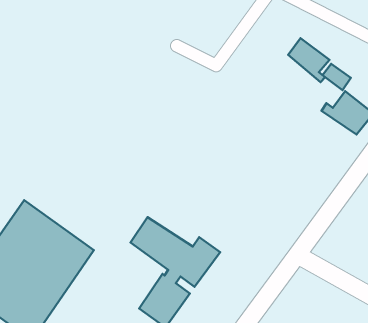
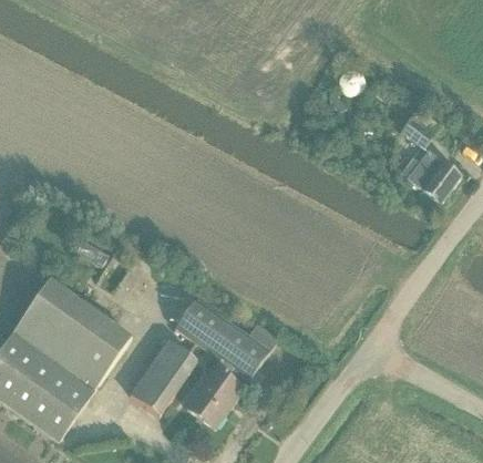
building: [288,38,329,82] -> none
building: none -> [130,338,198,414]

